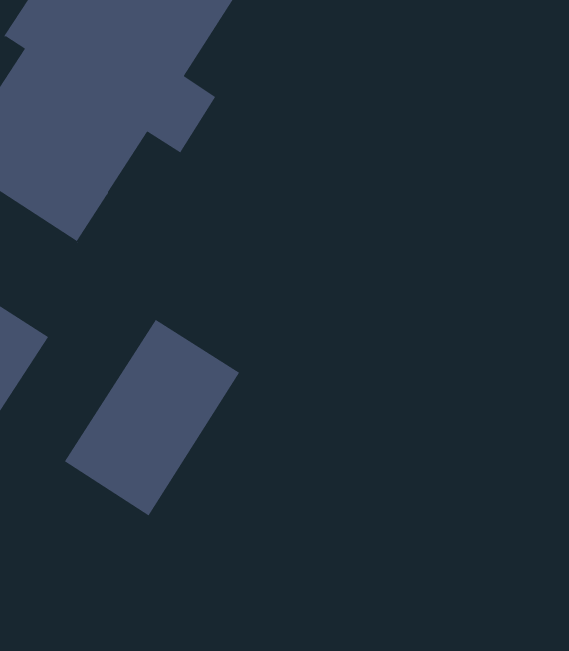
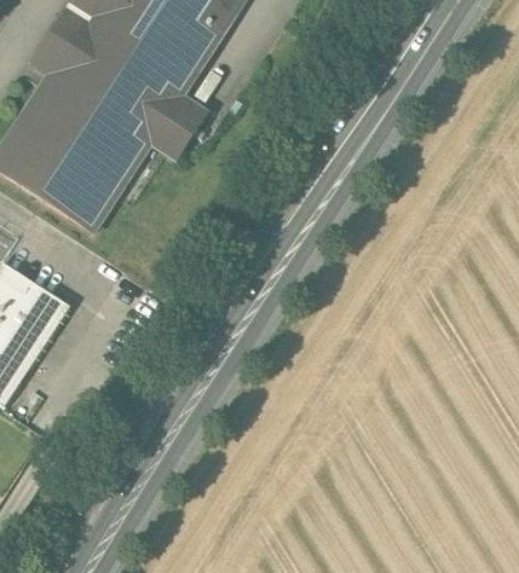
building: [64,319,240,517] -> none

